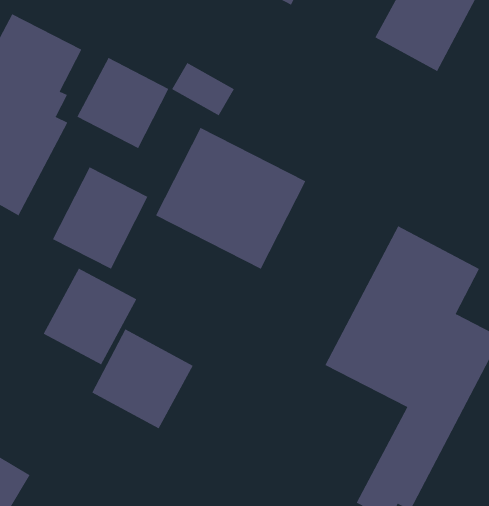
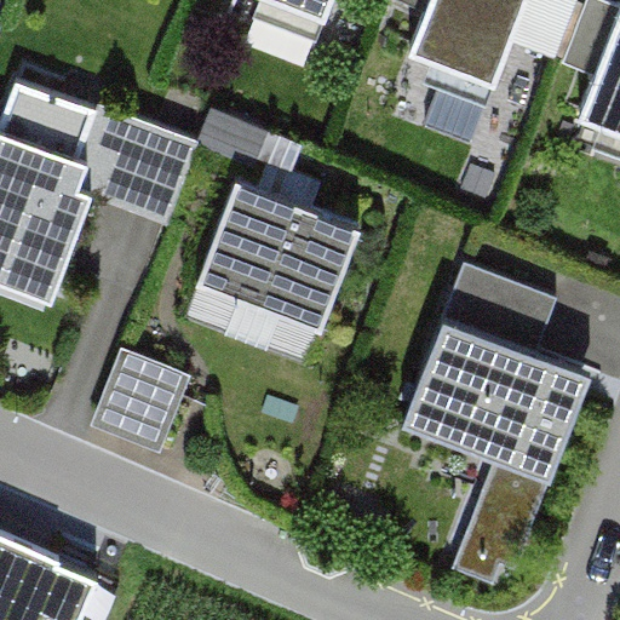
building: [52,167,148,269] -> none
building: [91,329,194,429] -> none

